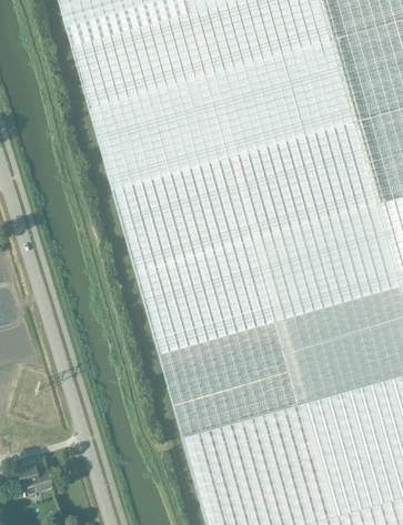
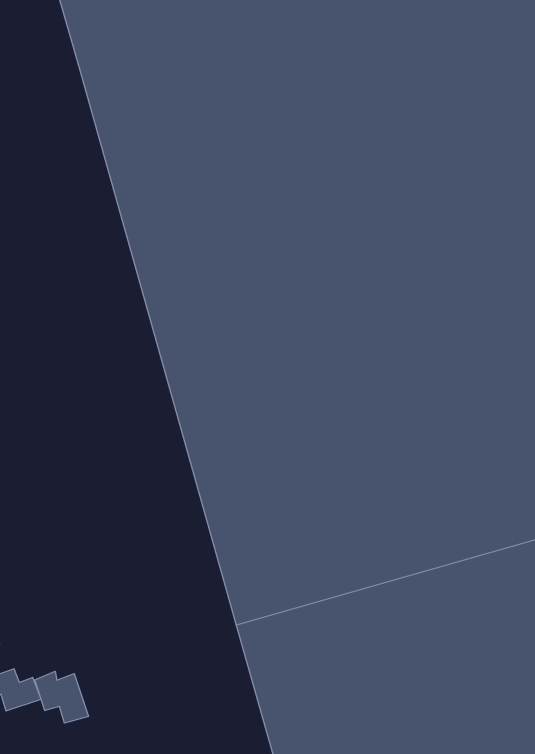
building: none -> [35,671,89,723]

